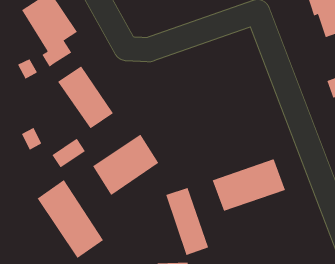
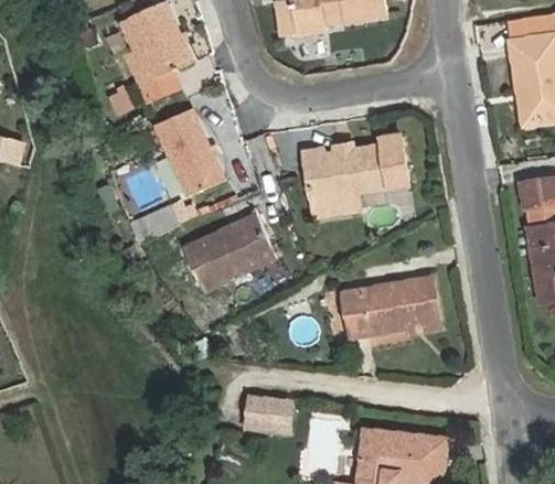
building: none -> [302,135,408,208]
building: [37,179,104,259] -> none
building: [165,187,209,256] -> none

